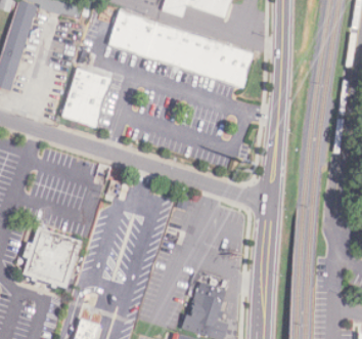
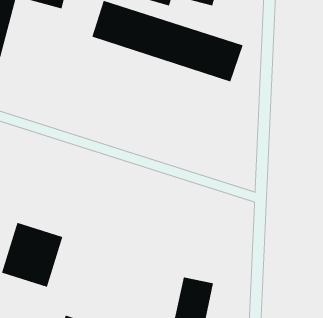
building: [60,68,112,129] -> none

